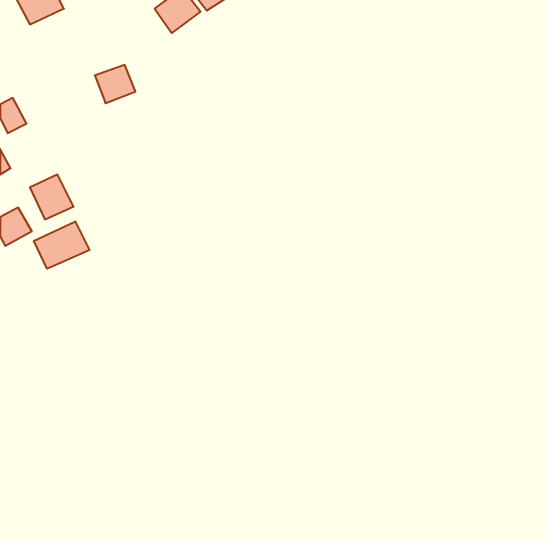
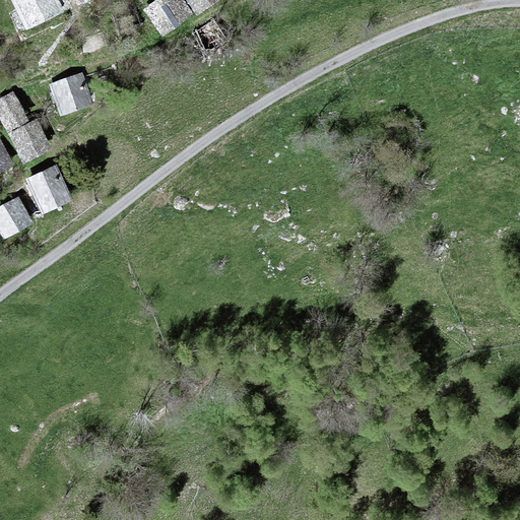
building: [95,65,135,103] -> [52,74,90,111]
building: none -> [10,121,49,159]
building: [34,221,90,269] -> none

